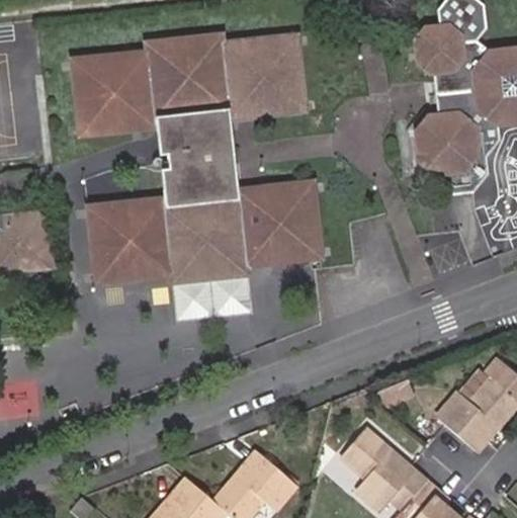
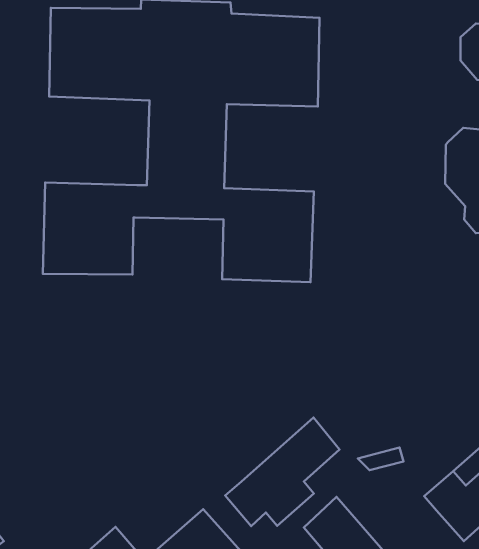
building: [164,214,251,321] -> none
building: none -> [225,417,339,526]

